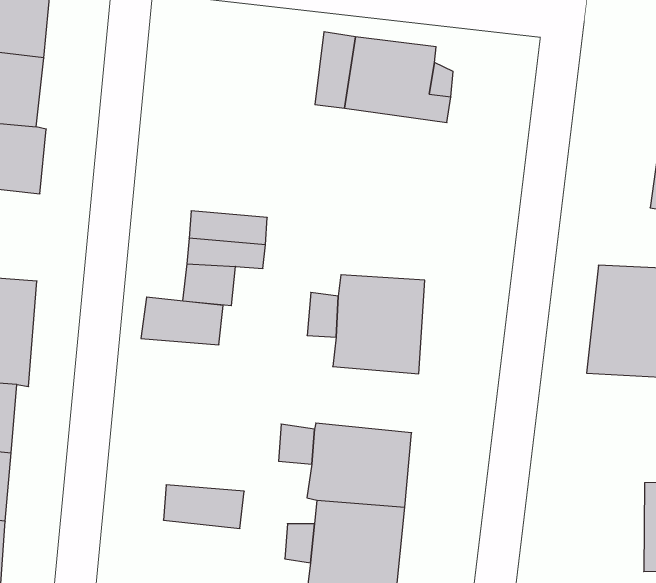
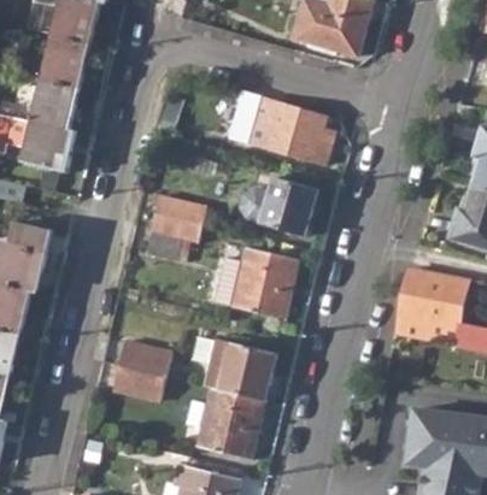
building: none -> [239,178,318,236]
building: [141,297,223,345] -> [118,341,172,377]

